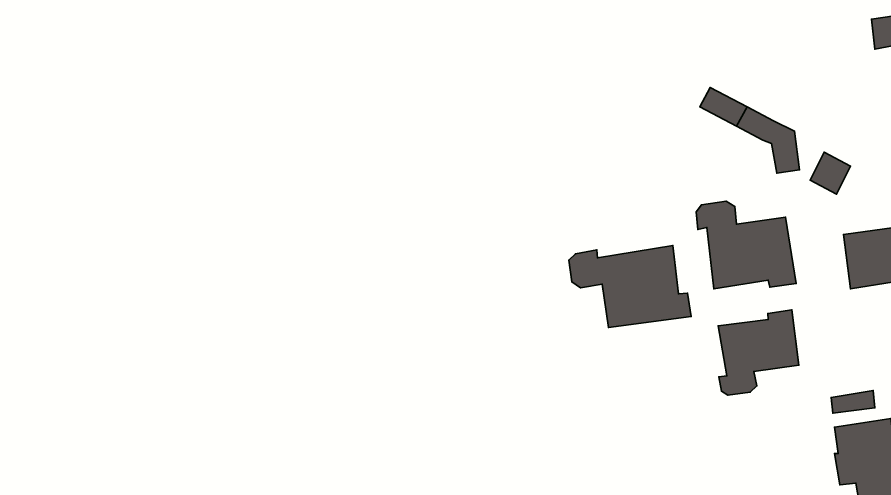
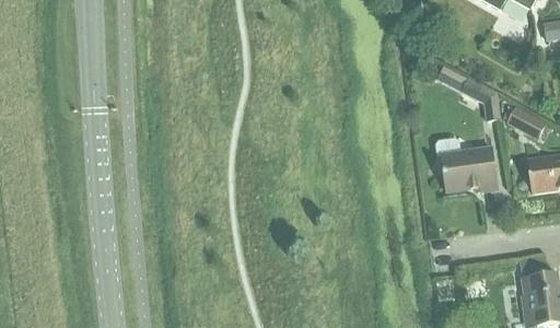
building: [569,246,691,327] -> none
building: [718,310,799,395] -> none

